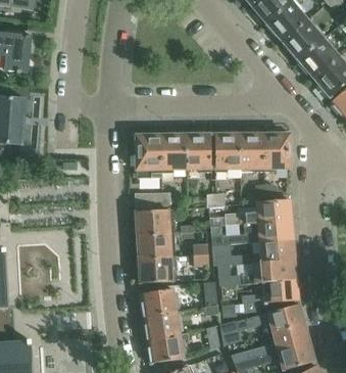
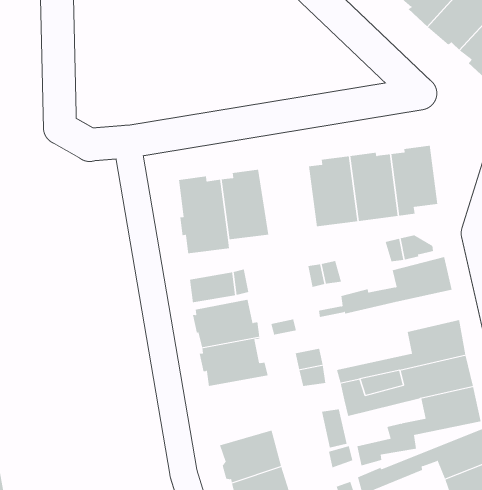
building: [186,132,211,172] -> none
building: [212,219,294,244] -> none
building: [138,255,176,282] -> none

